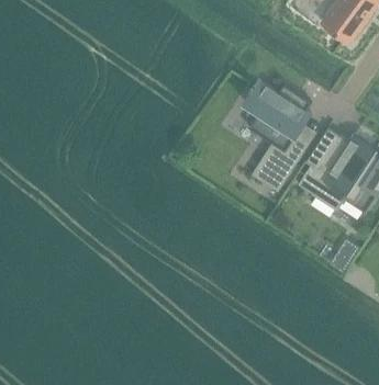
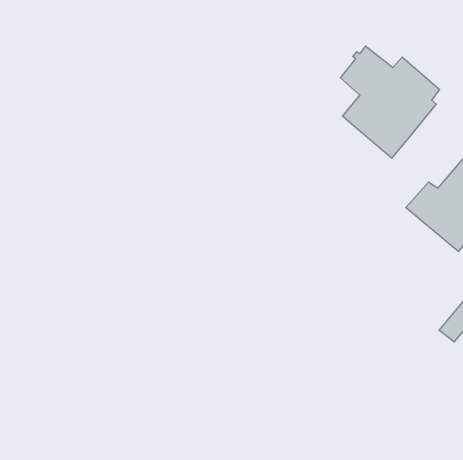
building: [263,133,310,188] -> none

